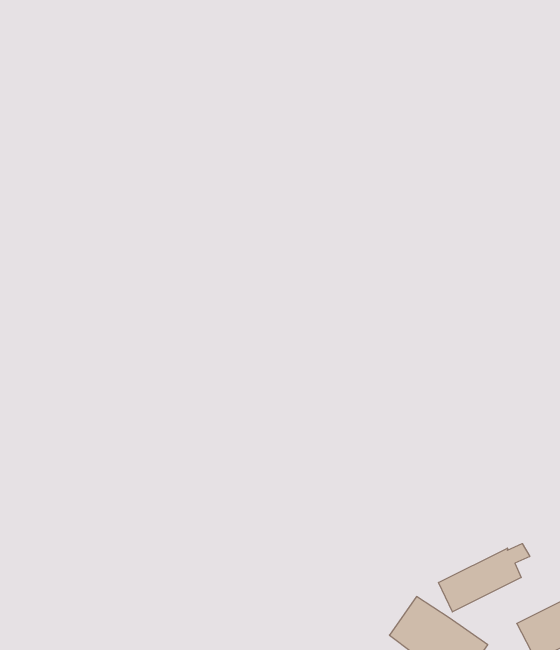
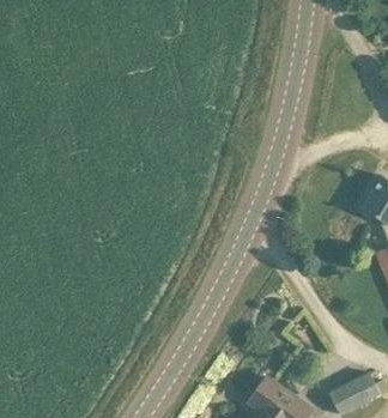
building: [439,544,530,612] -> none

